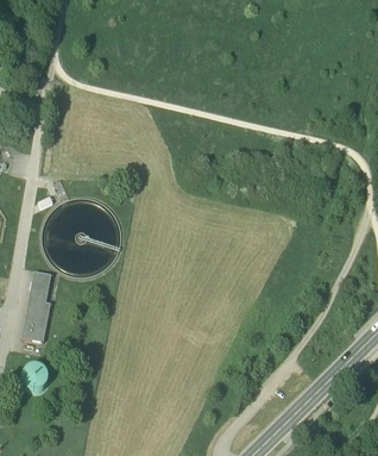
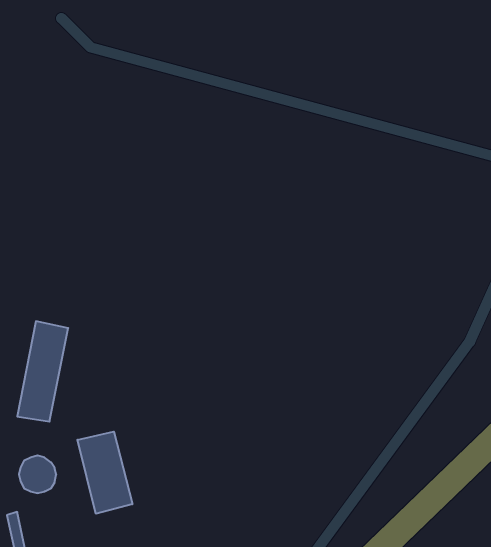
building: none -> [77,432,132,514]

